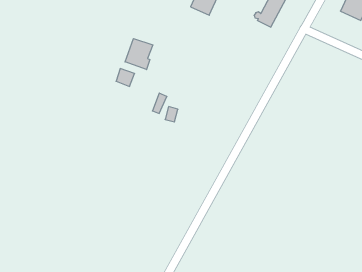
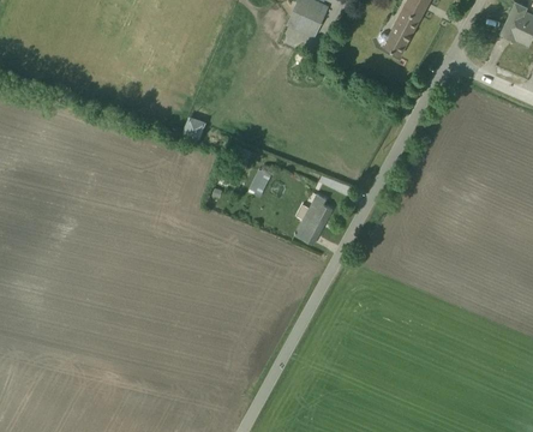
building: [125,39,153,70] -> none
building: none -> [293,193,331,245]

